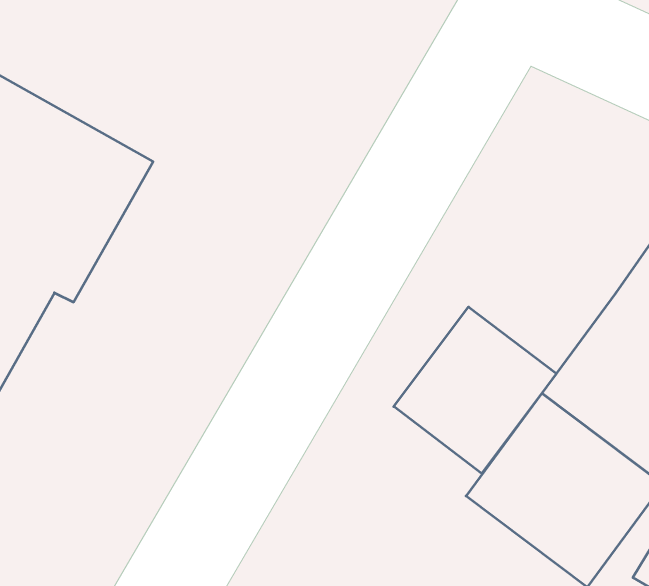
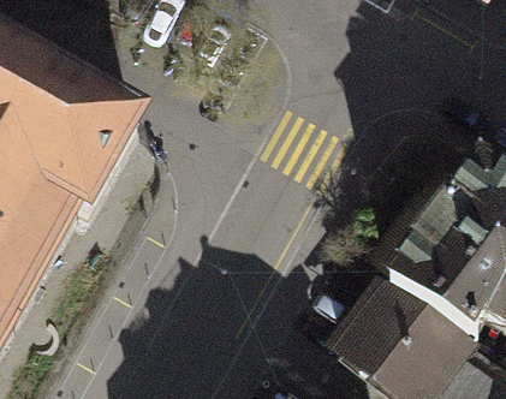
building: [394,307,556,473] -> none

